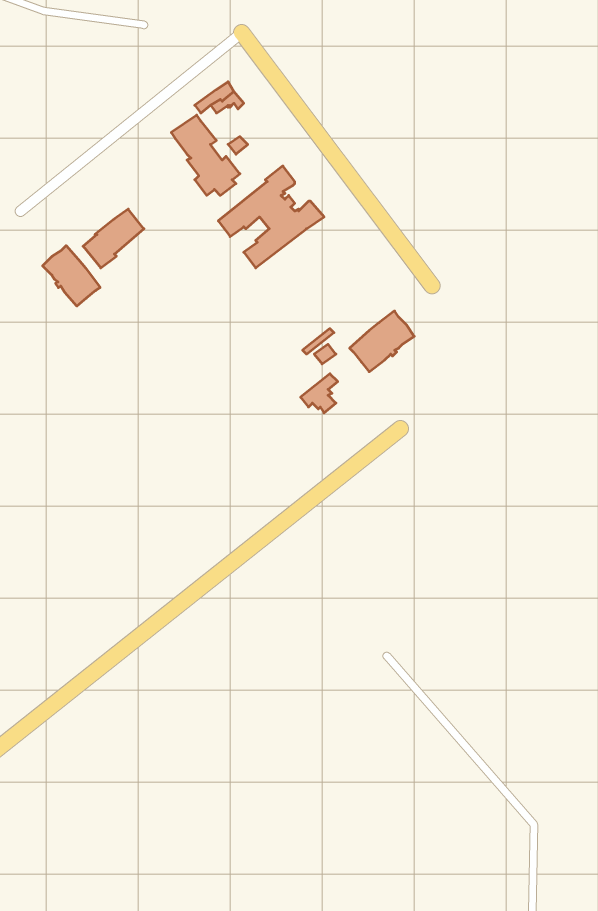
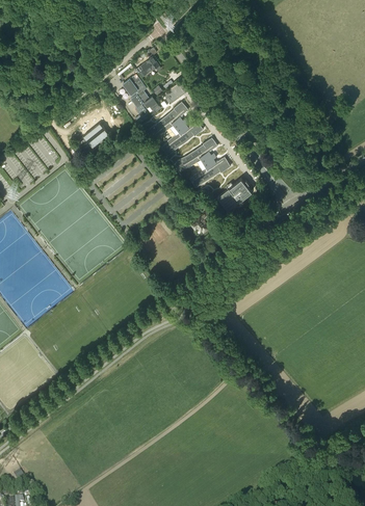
building: none -> [175,137,231,188]
building: [43,246,100,306] -> none

